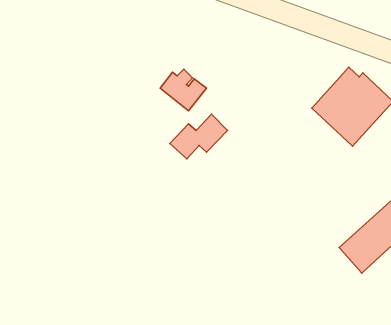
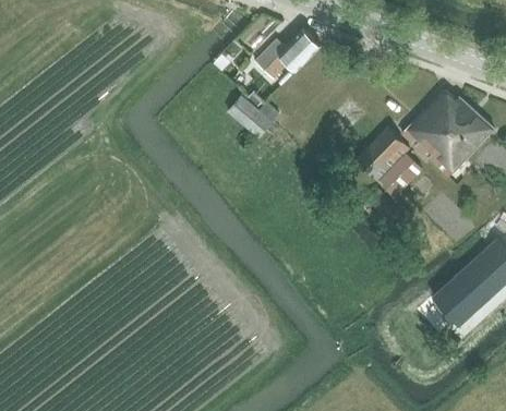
building: none -> [354,128,423,200]
building: [170,114,227,159] -> [254,28,321,80]

